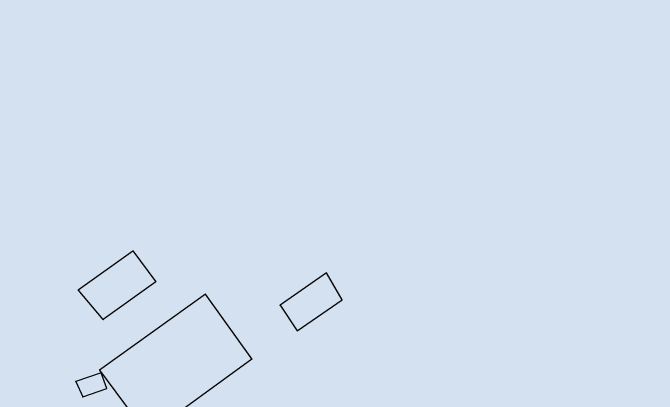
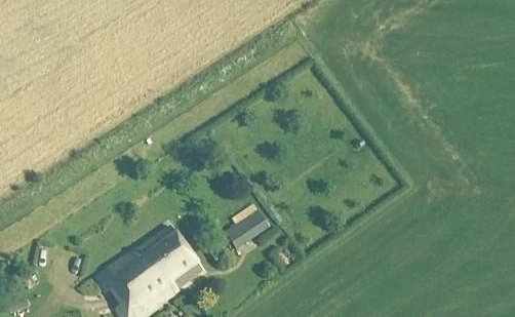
building: [78,251,156,320] -> none

